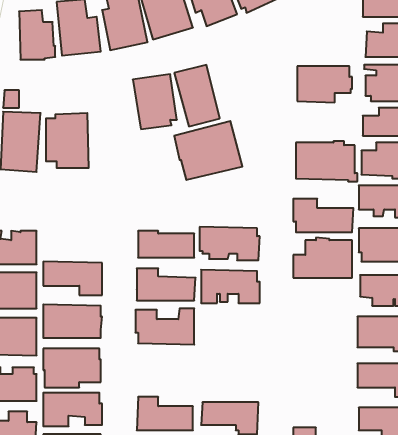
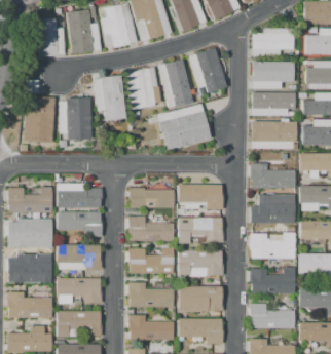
building: none -> [251,29,293,57]
building: none -> [188,48,227,96]
building: none -> [94,75,125,121]
building: none -> [251,92,295,116]
building: none -> [54,183,102,208]
building: none -> [250,233,294,265]
building: none -> [178,250,223,277]
building: none -> [249,268,294,294]
building: none -> [127,282,173,308]
building: none -> [178,286,221,311]
building: none -> [249,304,294,329]

